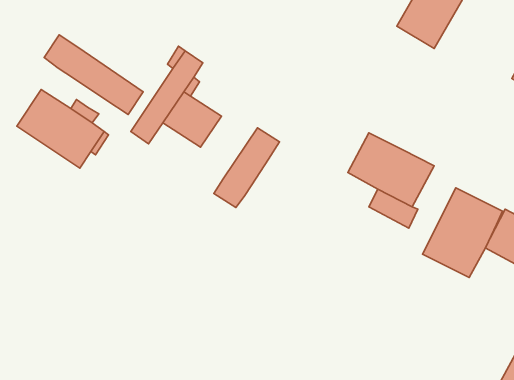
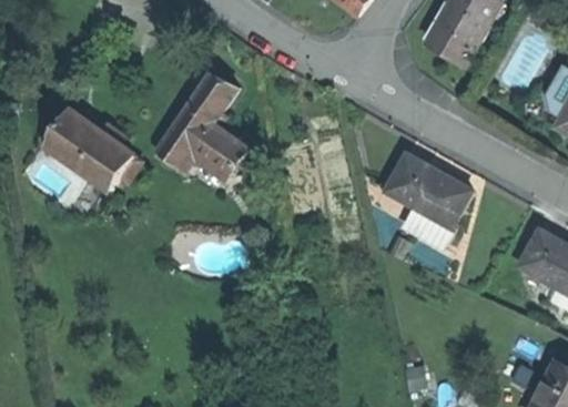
building: [44,35,143,115] -> none
building: [214,128,280,208] -> none
building: [422,188,503,278] -> none

